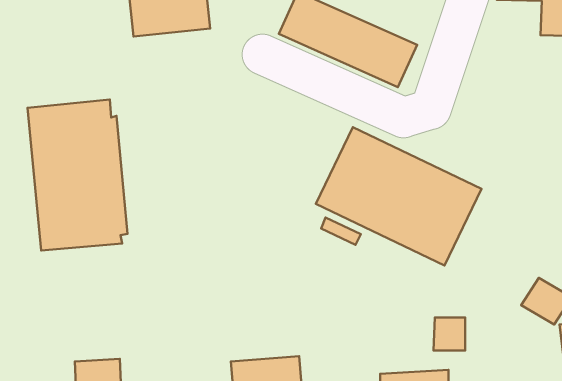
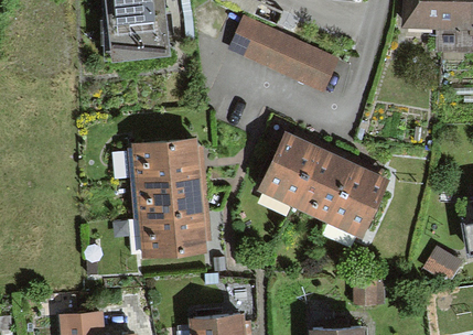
building: [28,100,128,250] -> [132,136,213,257]

